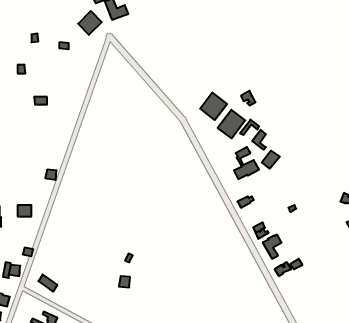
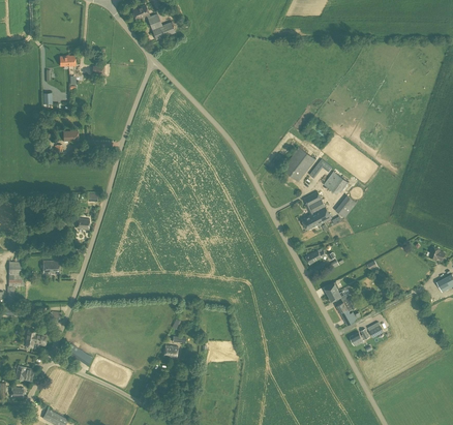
building: [78,11,102,35] -> none
building: [200,93,227,120] -> none

